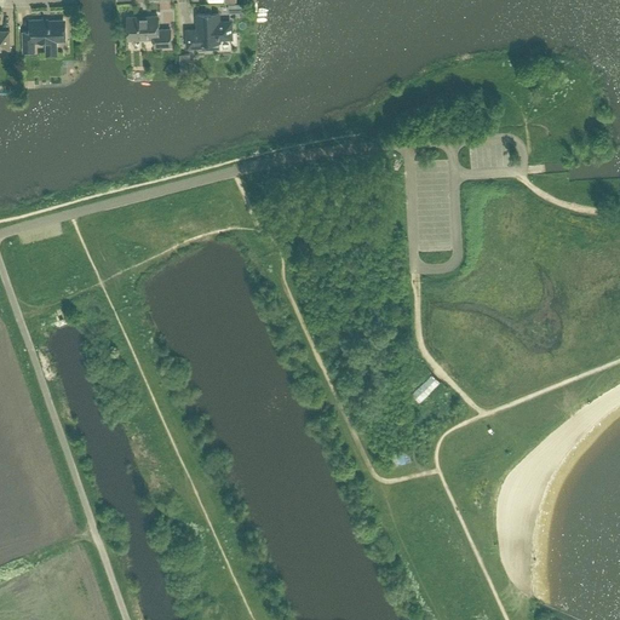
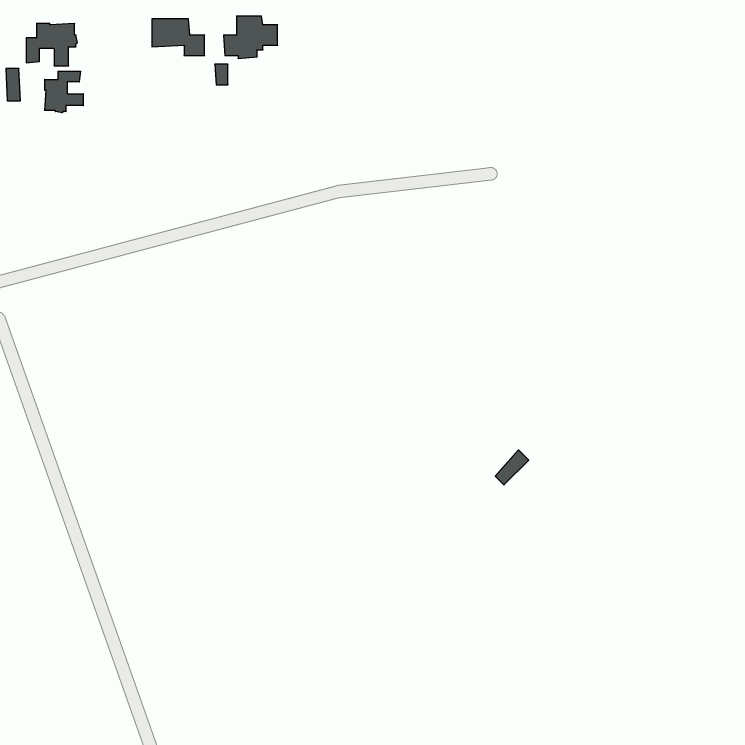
building: none -> [45,71,83,113]

